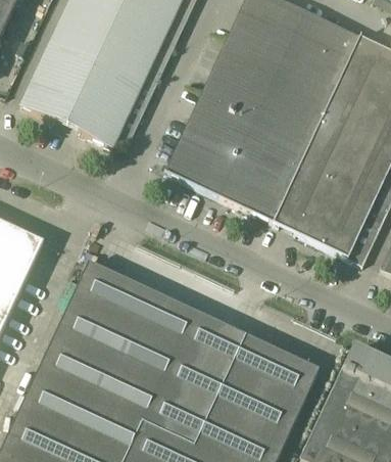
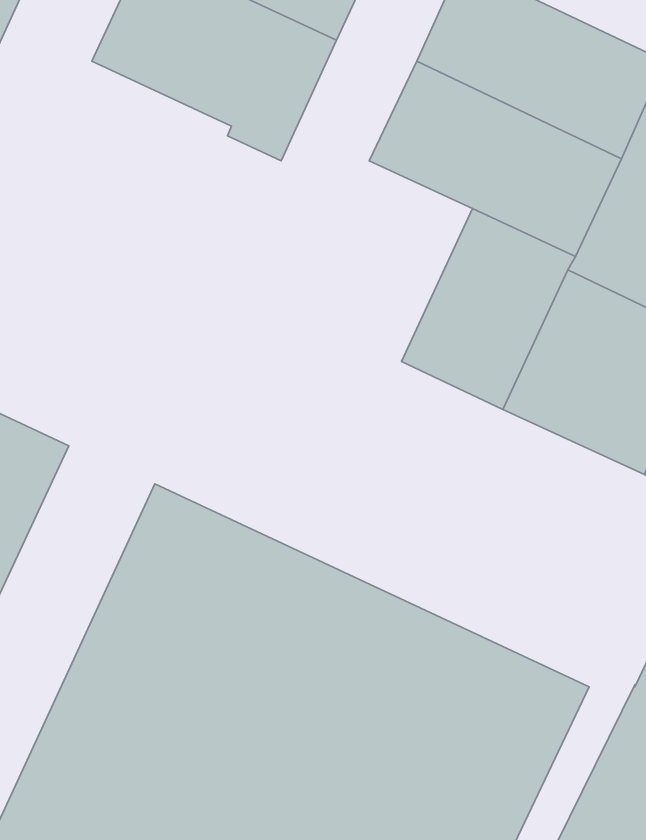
building: [21,35,155,148] -> none
building: [164,88,257,195] -> none

